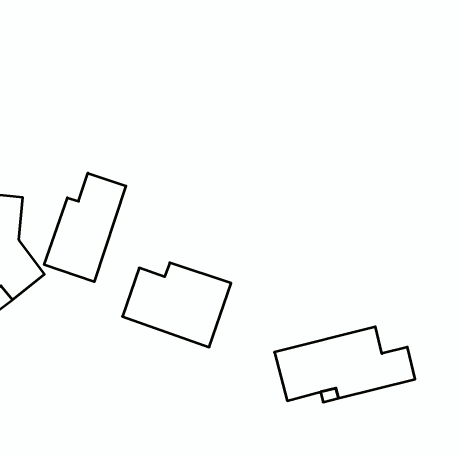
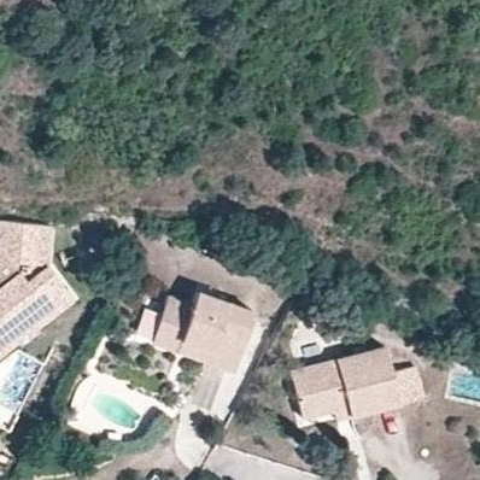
building: [44,173,126,282] -> none

